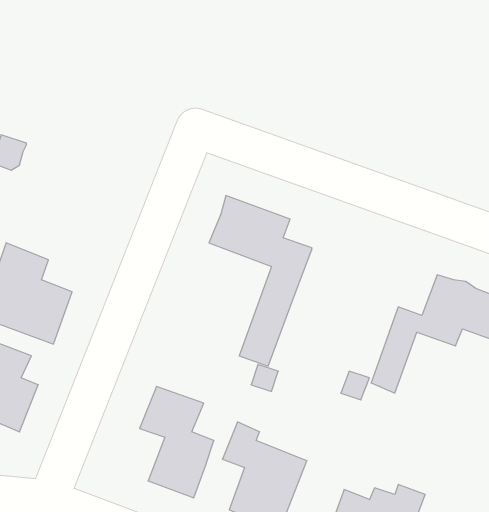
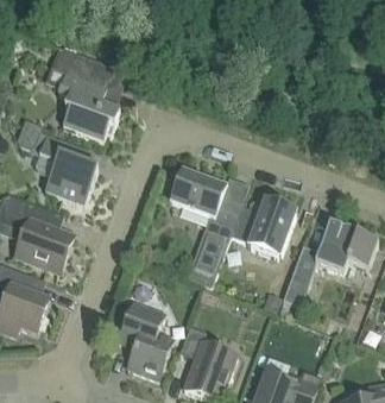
building: none -> [57,51,121,140]
building: none -> [38,138,97,206]
building: none -> [229,199,296,257]

